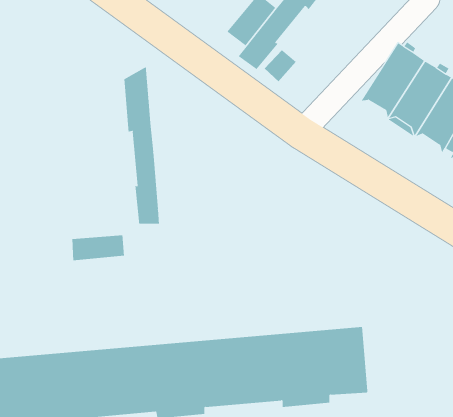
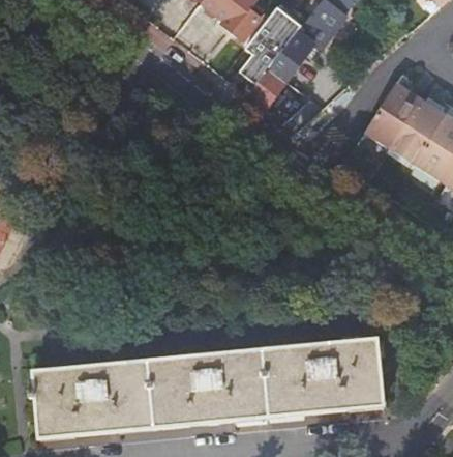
building: [124,66,160,225] -> none
building: [72,234,125,261] -> none

